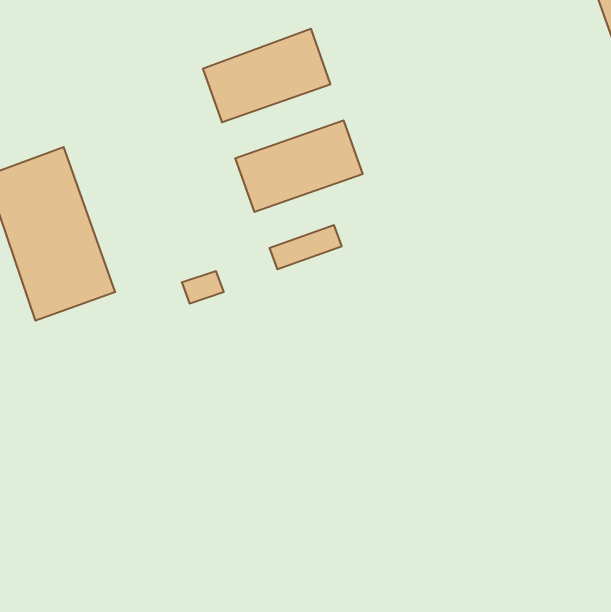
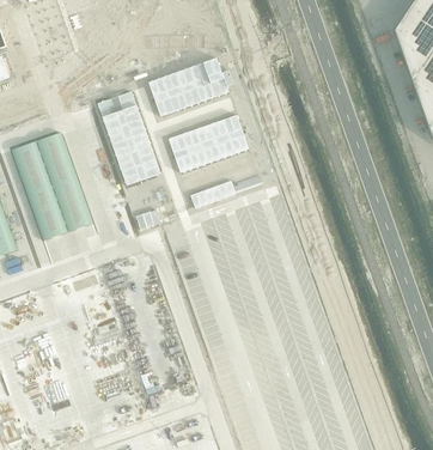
building: none -> [97,91,160,186]

